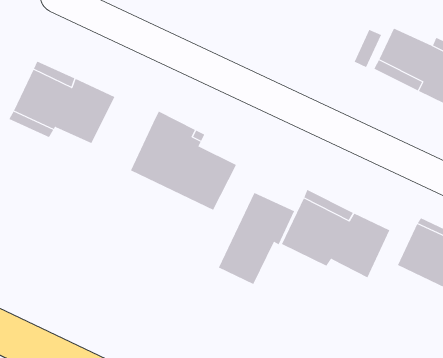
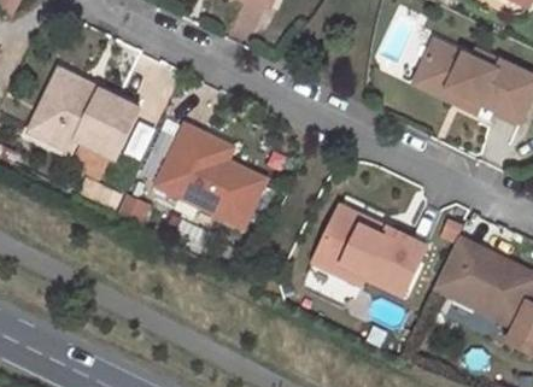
building: [218,192,295,285] -> none

